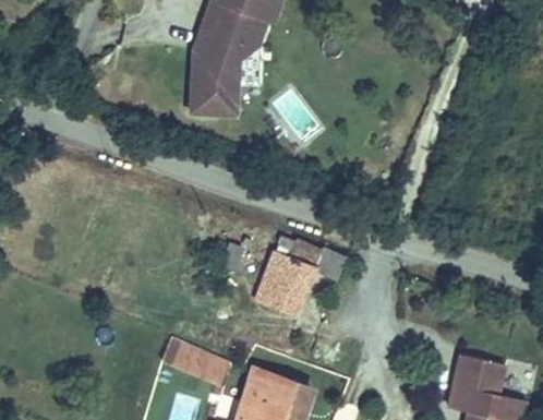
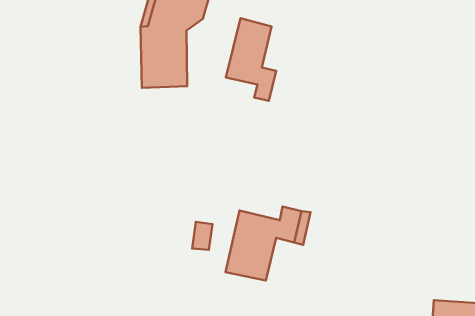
building: none -> [226,18,276,101]

